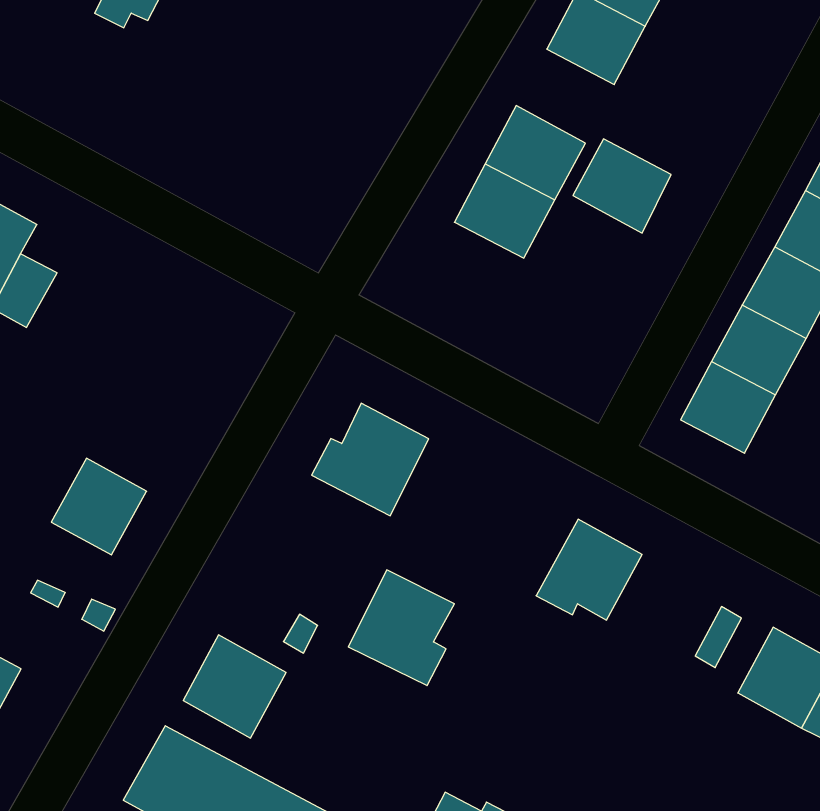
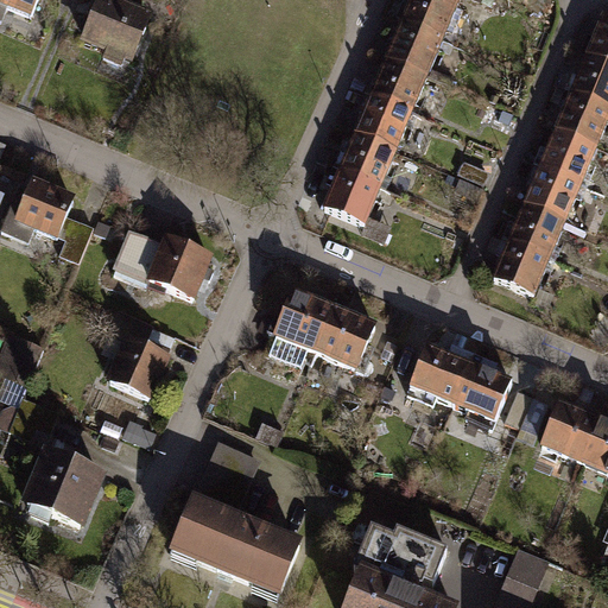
building: [573,139,671,233] -> [369,56,429,112]
building: none -> [323,169,384,223]
building: none -> [110,228,218,306]
building: none -> [457,353,517,428]
building: [348,570,454,686] -> [317,304,380,373]

